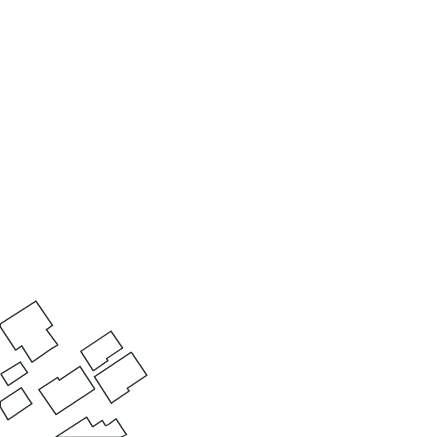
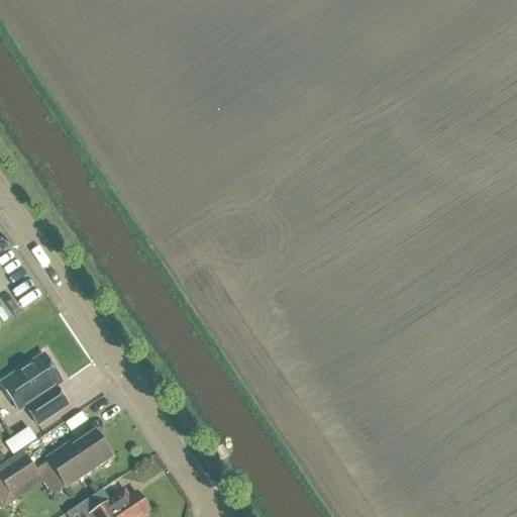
building: [81,331,122,371] -> none
building: [94,352,147,403] -> none

